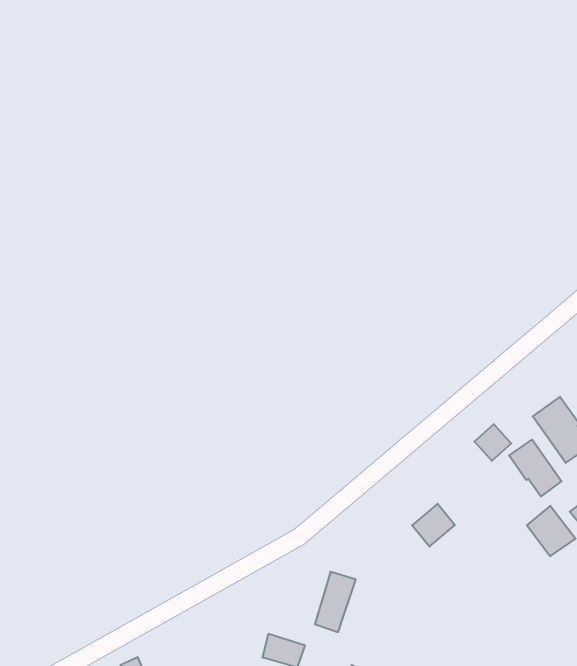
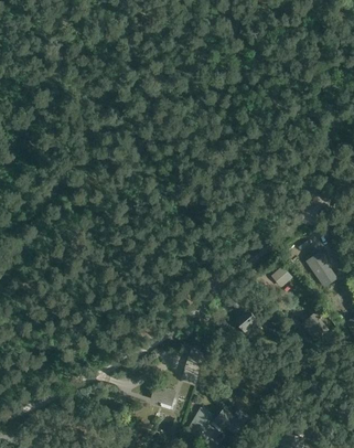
building: [509,440,562,496] -> none

